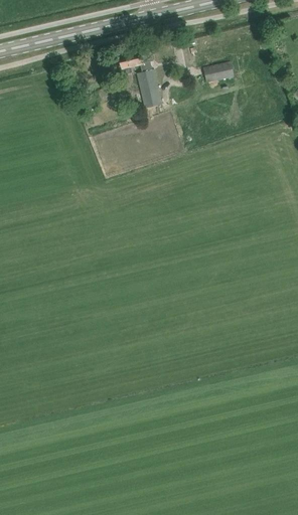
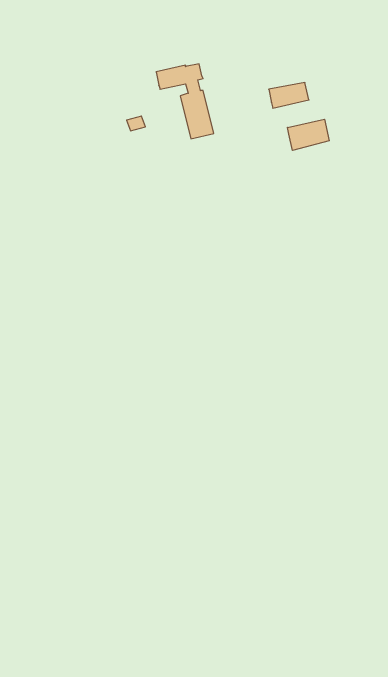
building: none -> [287,119,329,150]

